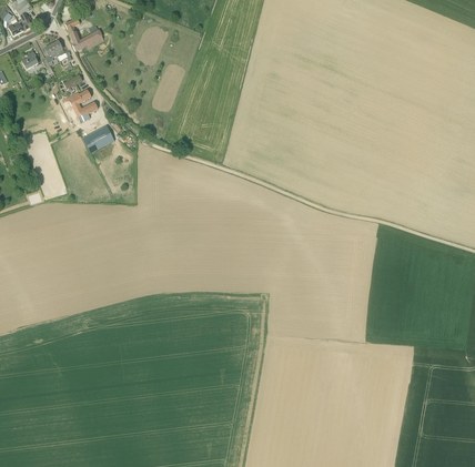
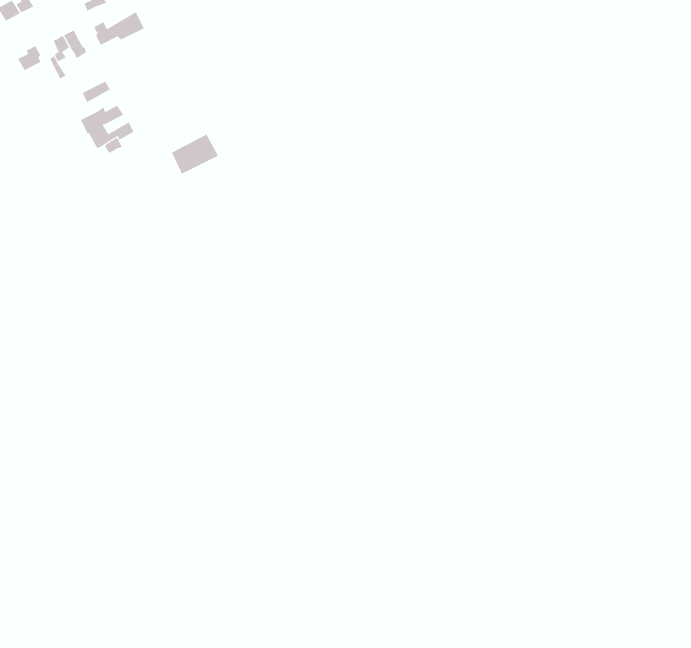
building: [83,124,114,151] -> [171,134,219,174]

